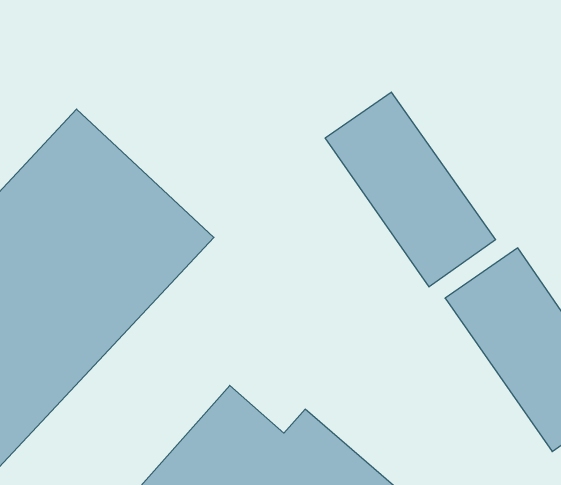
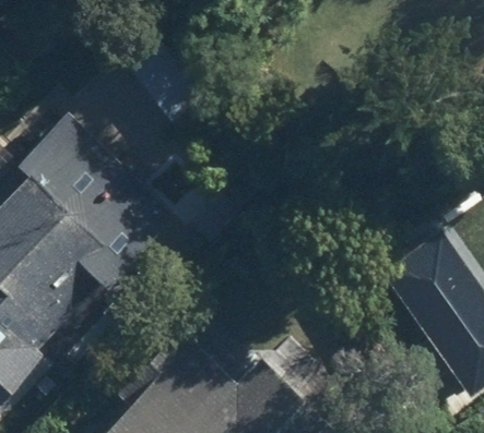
building: [325,92,496,287] -> none

